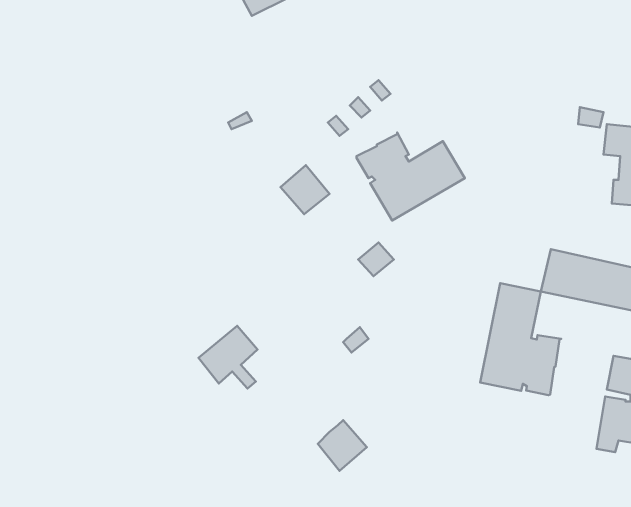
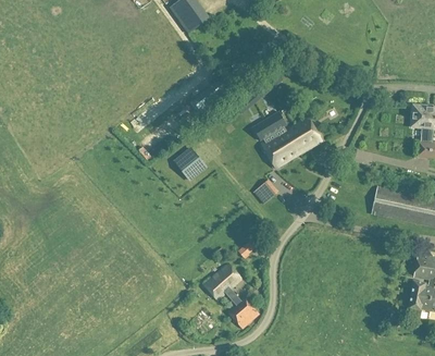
building: [280,165,329,214] -> [174,147,206,179]
building: [480,283,561,395] -> none
building: [198,326,258,388] -> [203,262,241,303]

